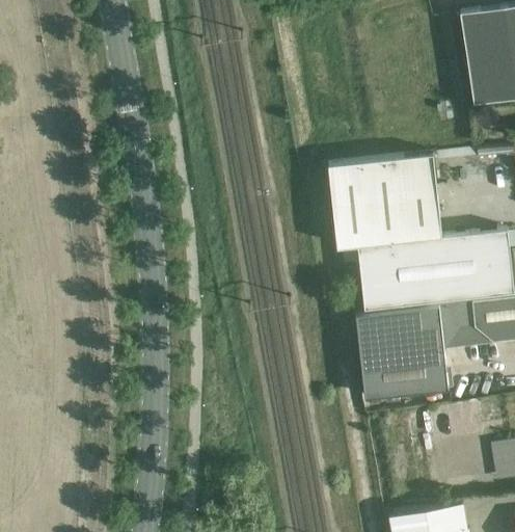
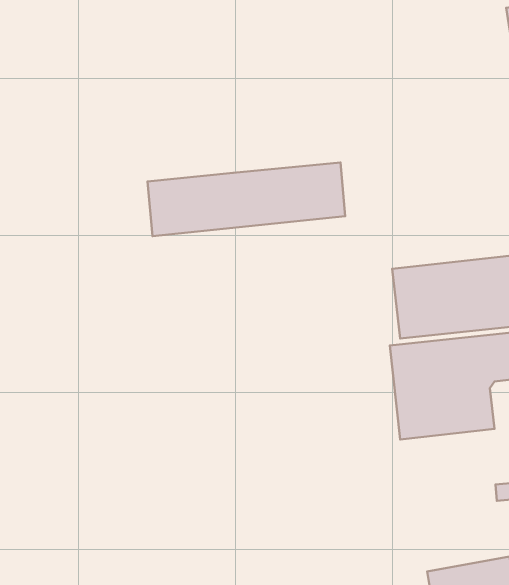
building: none -> [147,163,345,236]
building: [327,155,441,249] -> none

